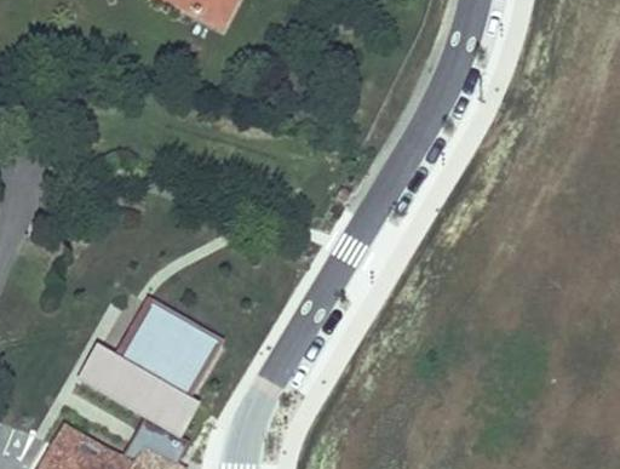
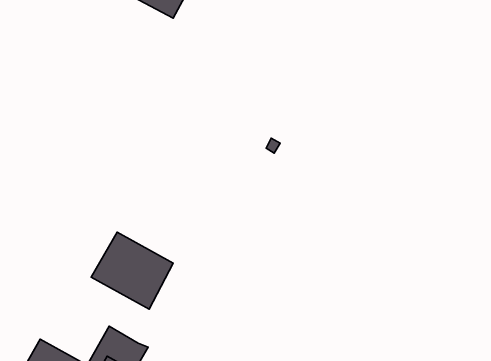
building: [78,337,200,431] -> none

